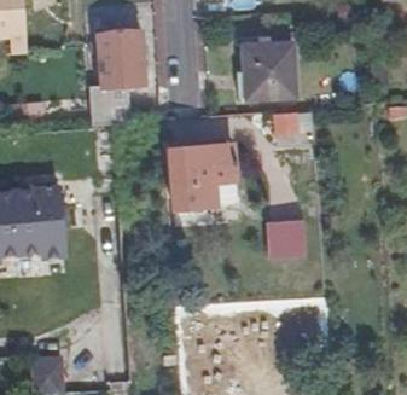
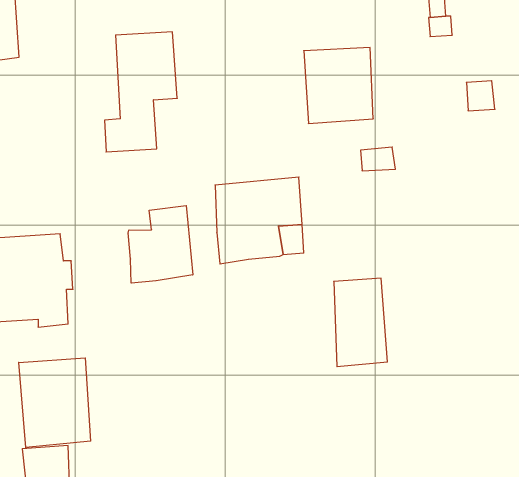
building: none -> [128,206,193,283]
building: none -> [19,358,91,448]

